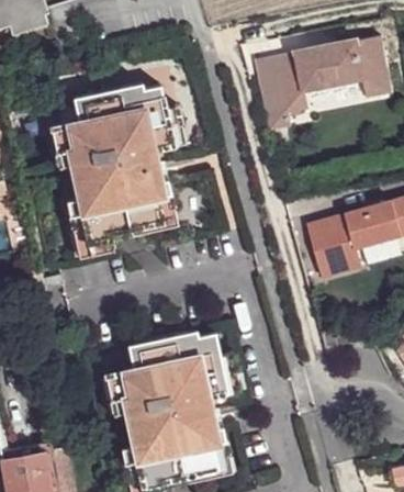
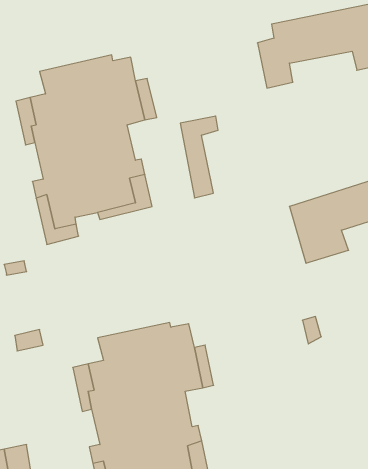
building: [258,56,293,132] -> [180,116,218,198]

